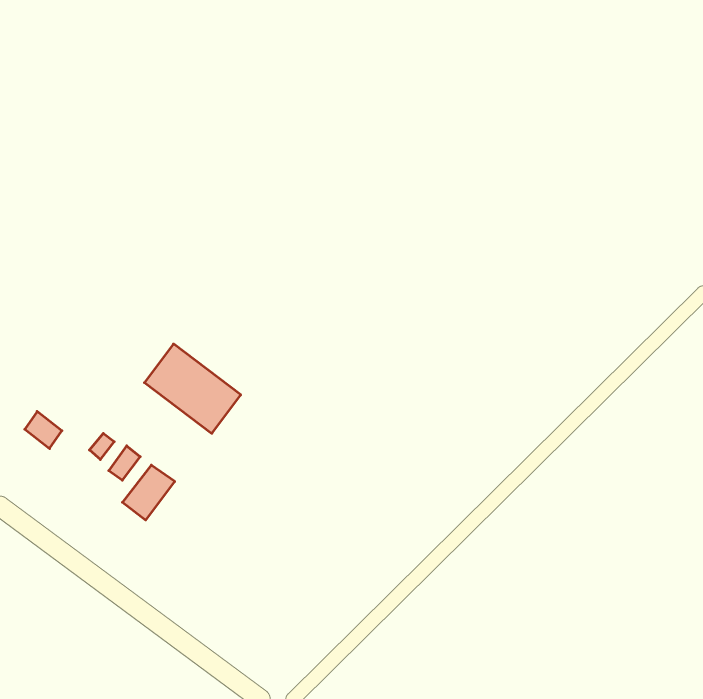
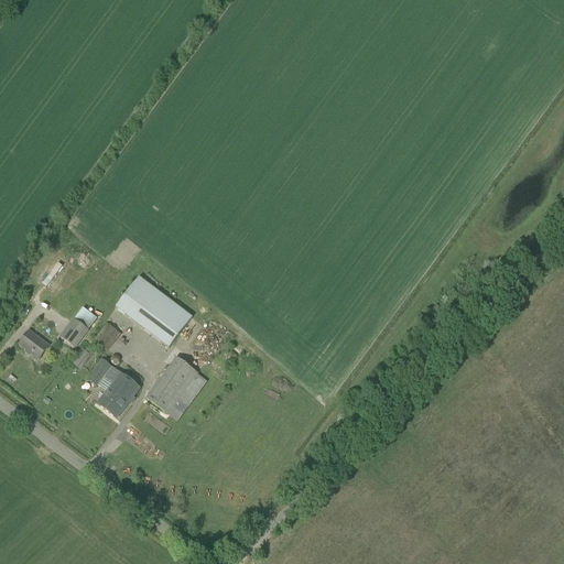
building: none -> [59,316,89,347]
building: none -> [145,355,198,413]

